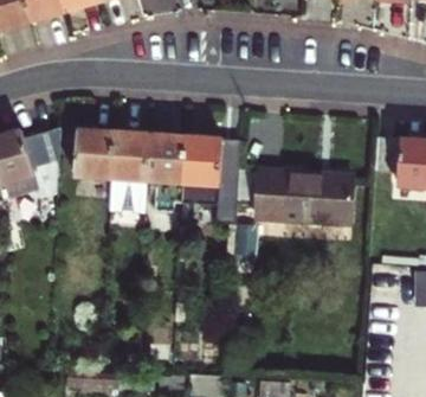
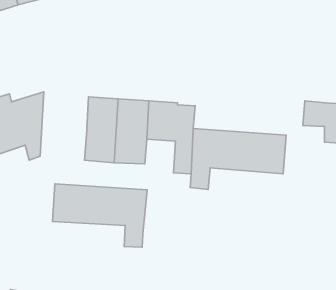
building: [76,128,116,178] -> none
building: none -> [53,184,147,247]

